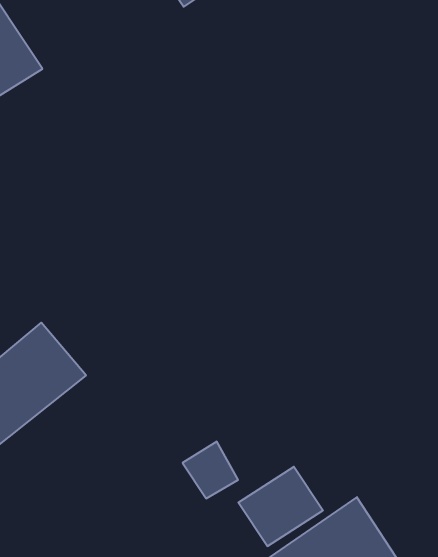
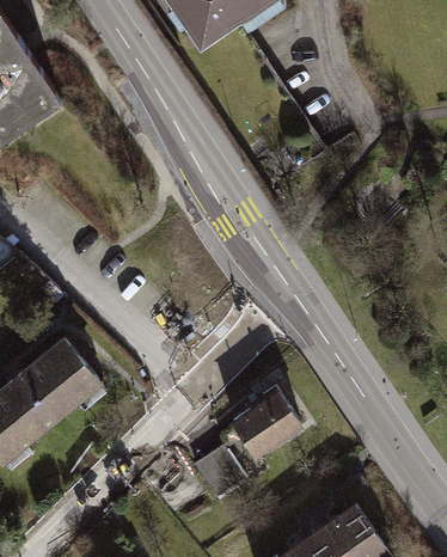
building: [238,467,323,546] -> [229,390,306,461]

